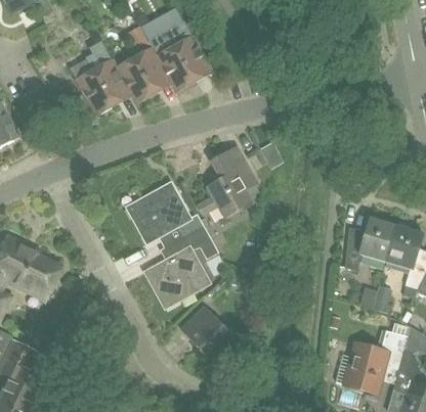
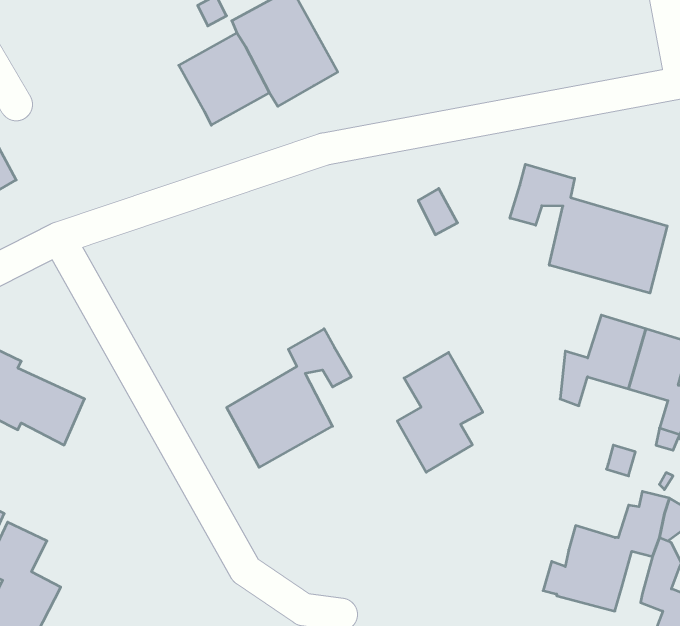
building: [76,41,132,115] -> none
building: none -> [510,164,667,293]
building: [207,145,258,217] -> [397,352,483,472]
building: [127,181,204,241] -> none
building: [181,306,232,358] -> none

